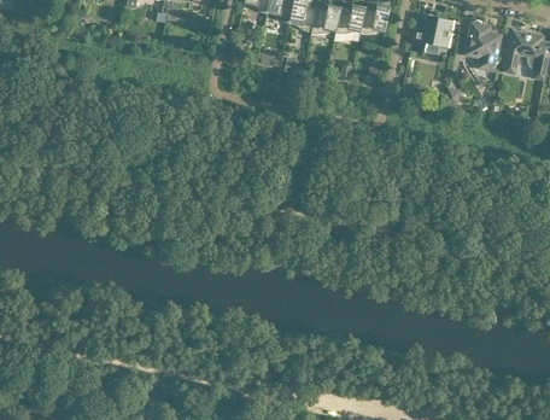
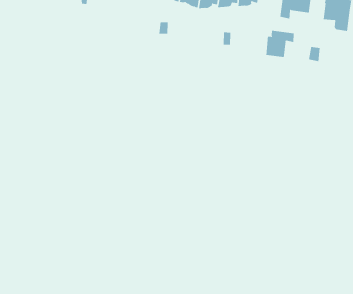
building: none -> [266,30,294,58]

